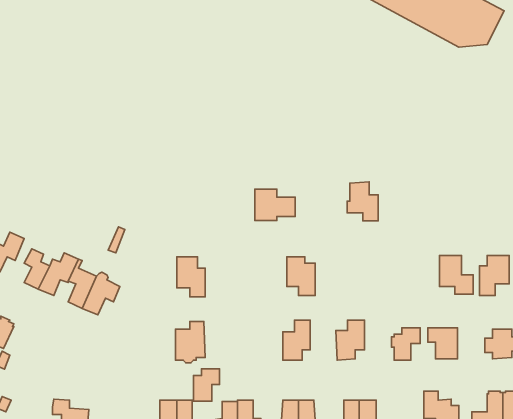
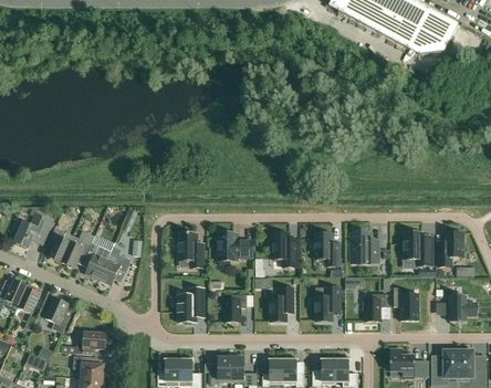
building: [347,182,378,221] -> [313,232,339,265]
building: [255,189,295,220] -> [218,233,252,260]
building: none -> [349,231,380,263]
building: none -> [45,297,70,333]
building: [194,369,219,401] -> [224,294,247,322]
building: none -> [75,332,106,354]

